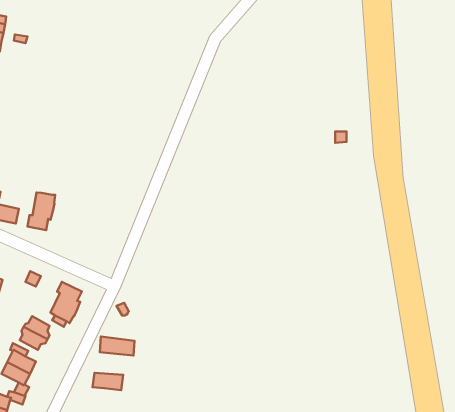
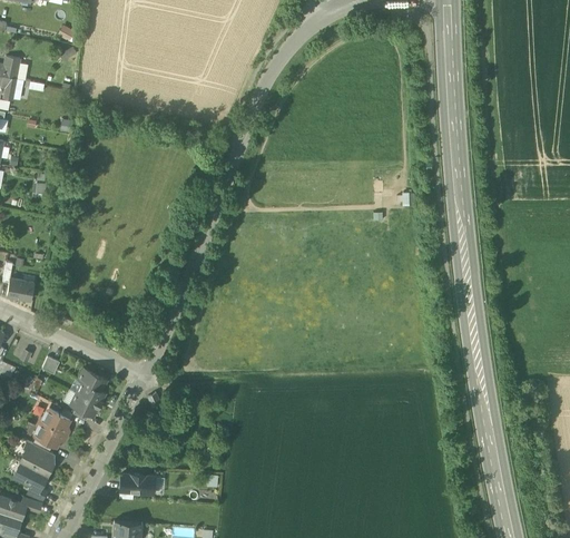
building: [27,193,55,230] -> none
building: [100,337,134,356] -> none

